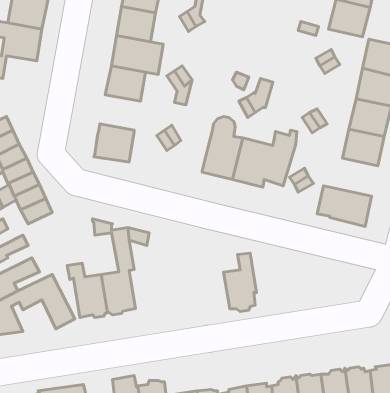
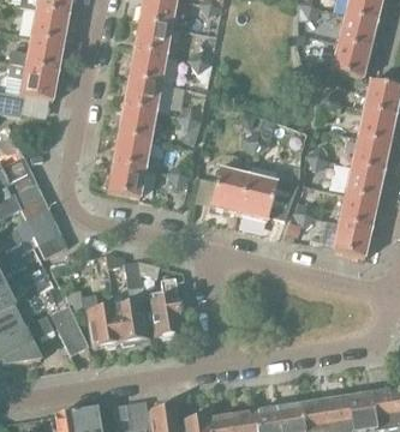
building: none -> [113,133,151,167]
building: none -> [338,193,377,229]
building: [224,253,256,311] -> [149,281,180,336]

